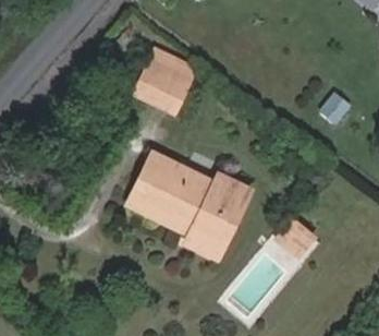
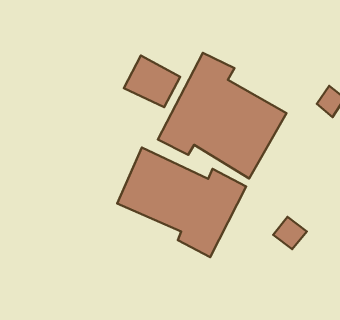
building: none -> [158,53,287,179]

